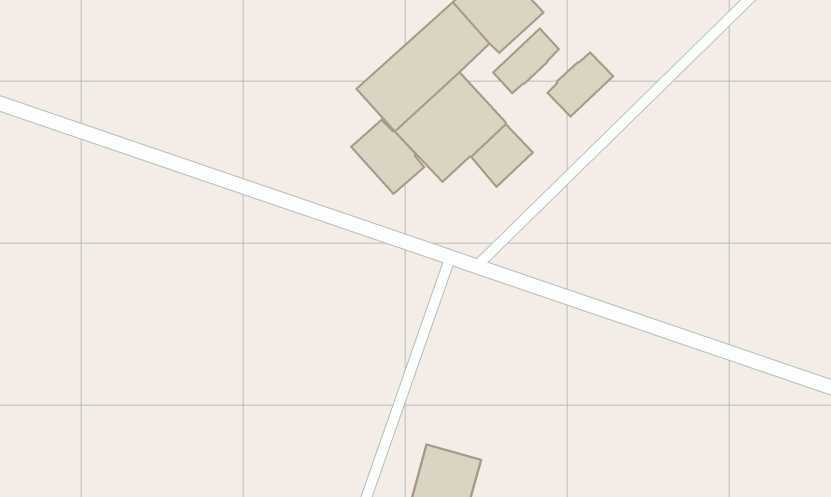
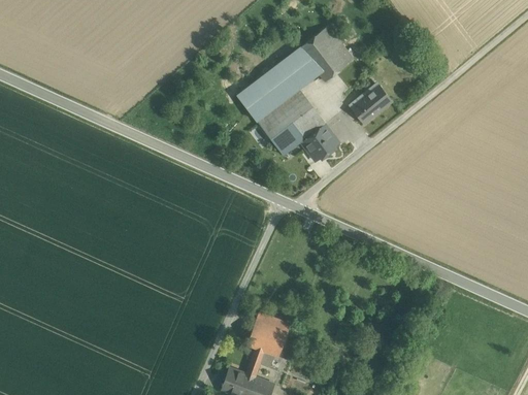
building: [493,28,559,93] -> none
building: [351,120,424,194] -> none

